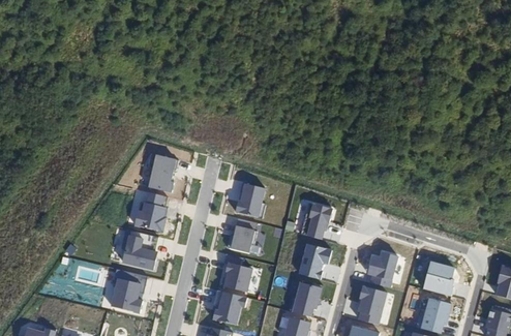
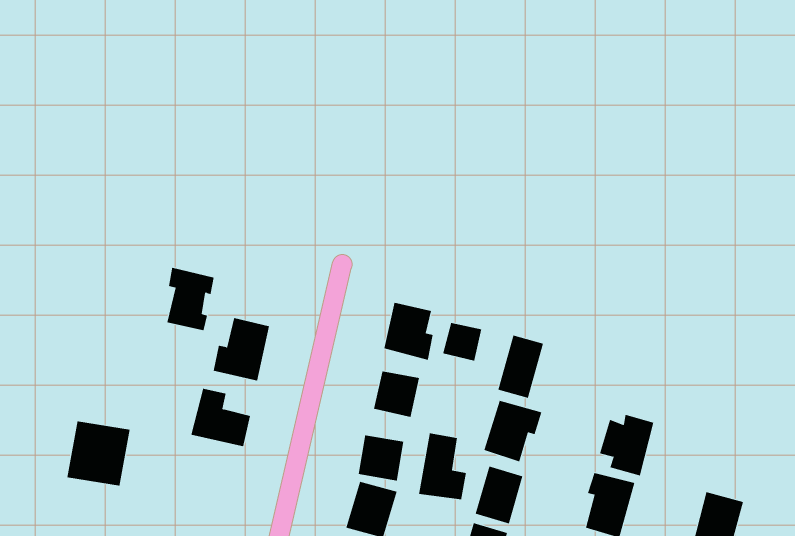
building: [148,153,177,191] -> [166,267,215,331]
building: none -> [442,322,482,361]
building: [421,261,453,295] -> none
building: none -> [419,432,467,500]
building: [112,270,150,309] -> [67,421,130,486]

